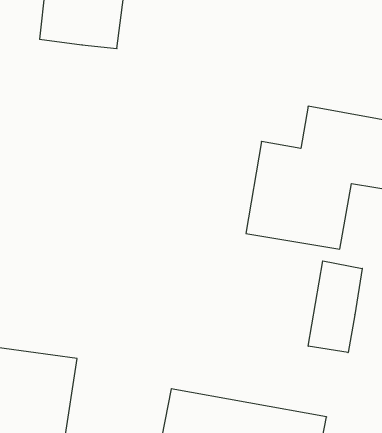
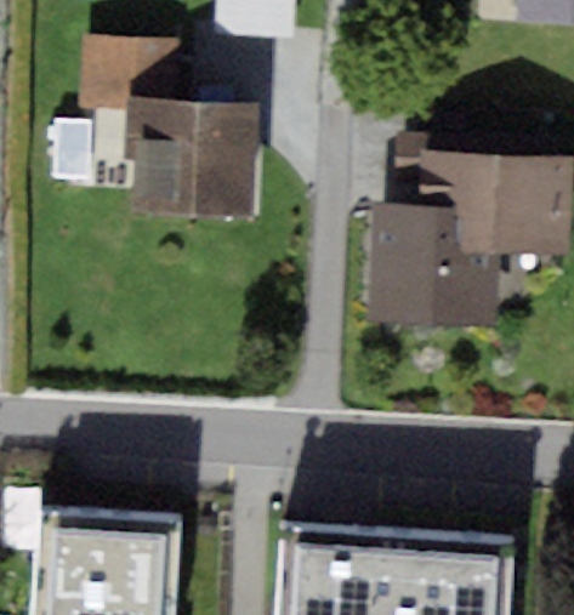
building: none -> [135,106,257,216]
building: [308,261,362,353] -> none

